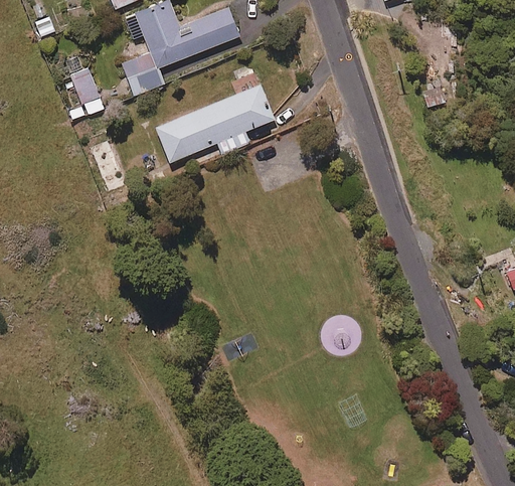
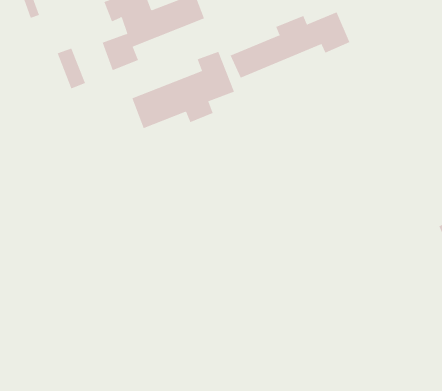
building: none -> [230,11,350,79]

